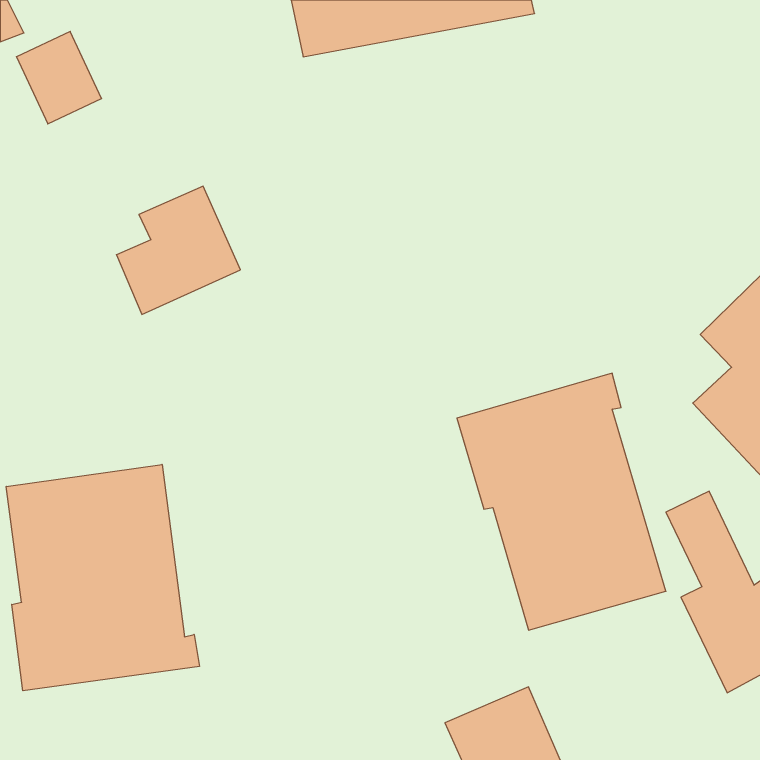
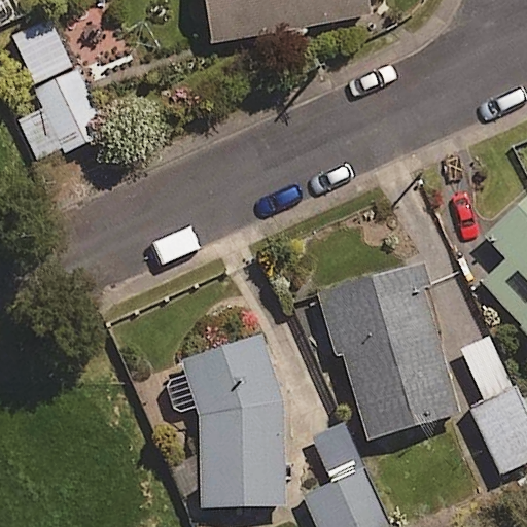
building: [116,186,240,314] -> [21,75,106,164]
building: [6,464,199,691] -> none
building: none -> [178,329,286,507]

